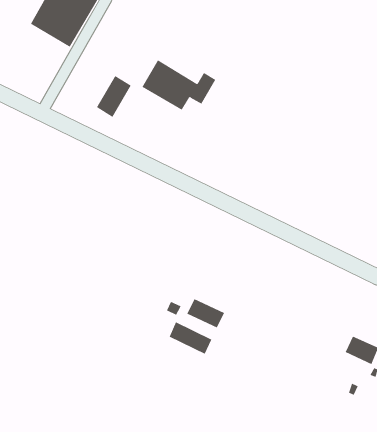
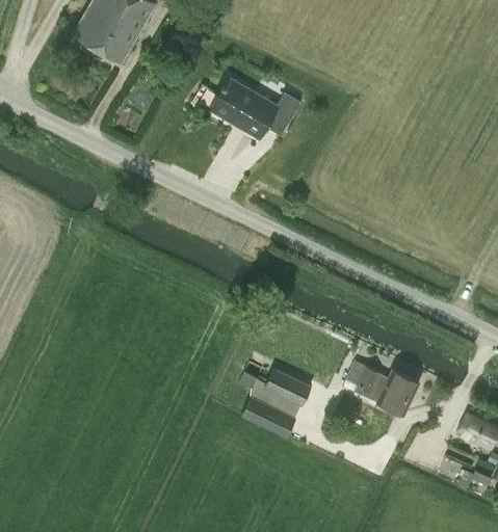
building: [96,75,132,118] -> none
building: none -> [346,361,420,414]

